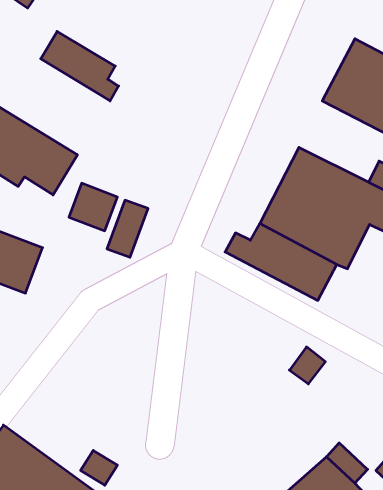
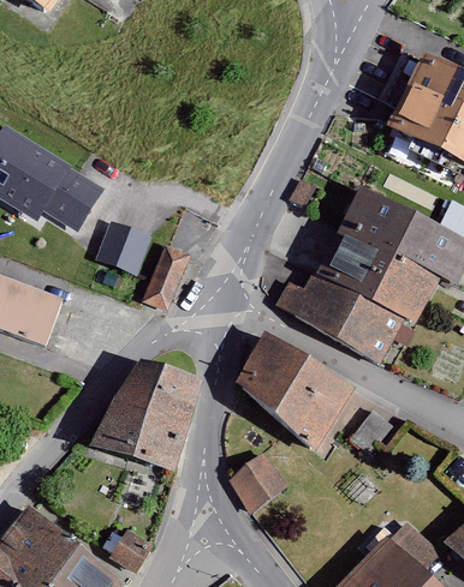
building: [41,31,119,101] -> none
building: none -> [238,336,357,454]
building: none -> [84,371,200,484]
building: none -> [227,454,285,510]

